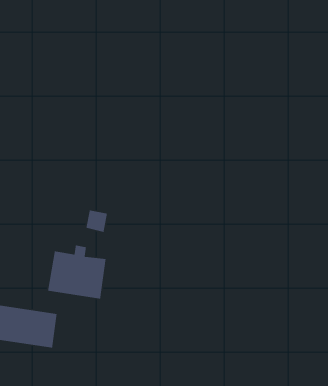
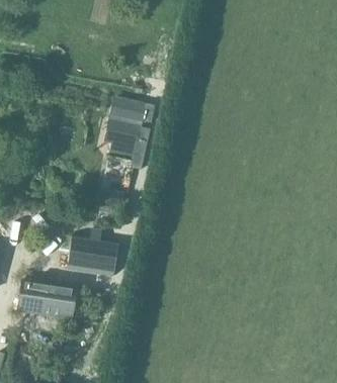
building: none -> [111,99,151,170]

